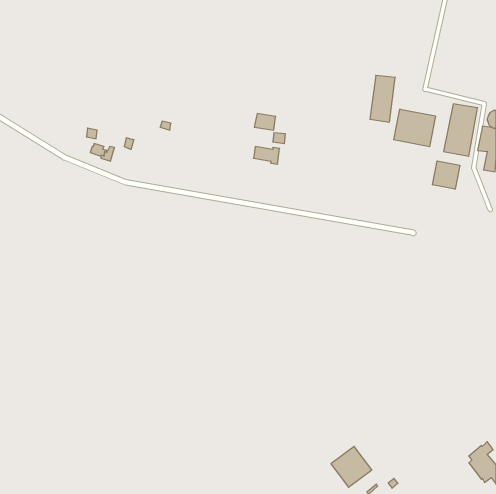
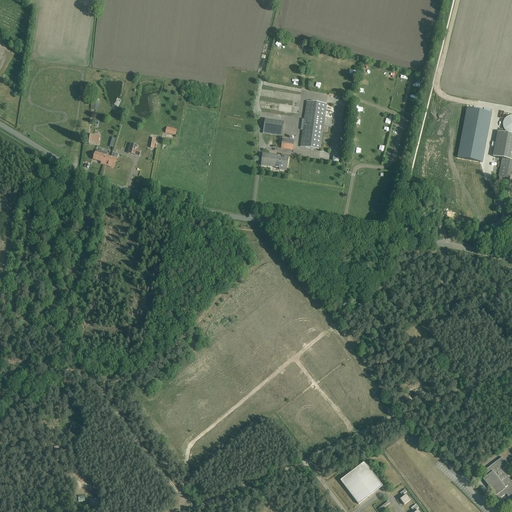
building: [370,75,395,122] -> [300,100,326,148]
building: [394,109,435,147] -> none
building: [433,161,460,189] -> none

